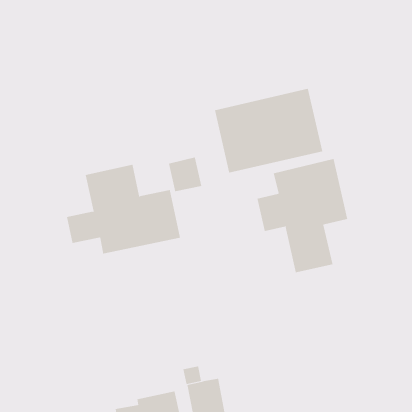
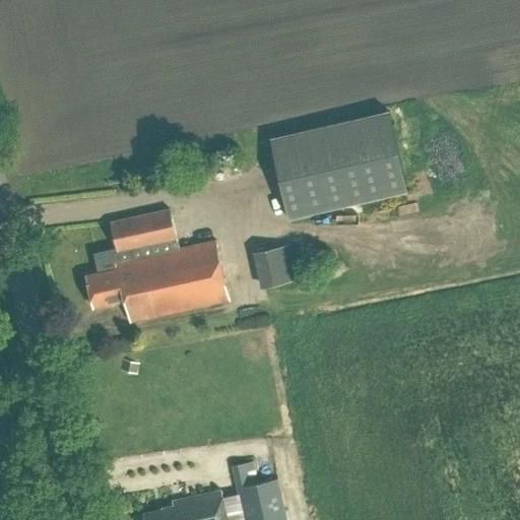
building: [168,157,202,192] -> [256,245,299,288]
building: [257,158,348,273] -> none

